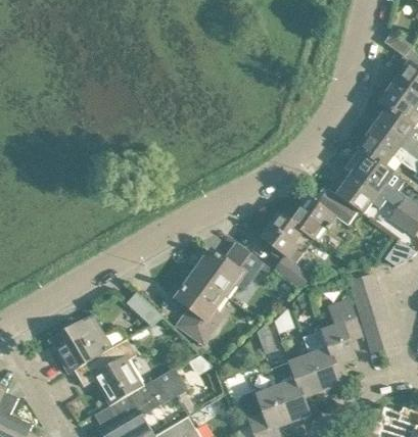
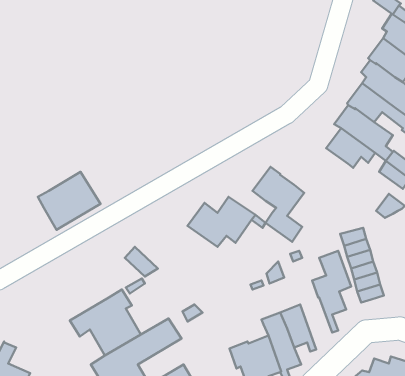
building: [288,188,358,242] -> none
building: [175,273,224,344] -> none
building: [48,313,112,373] -> [38,172,101,230]
building: [303,329,342,399] -> none

